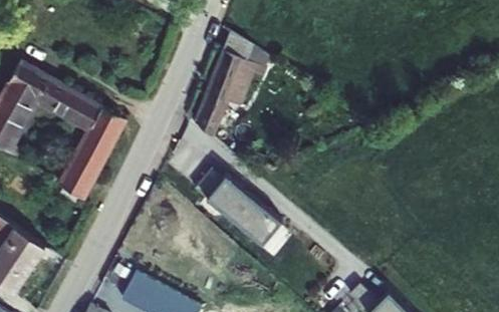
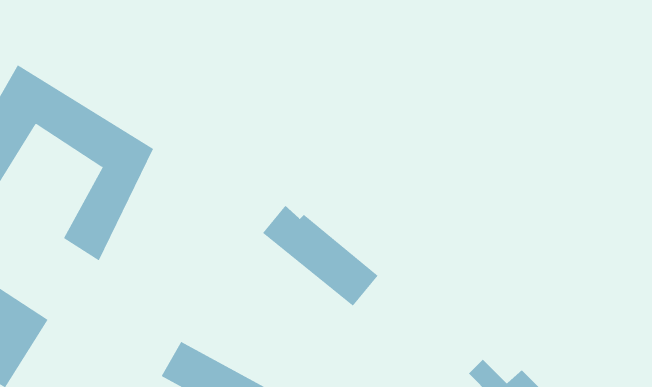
building: [193,34,260,165] -> none

